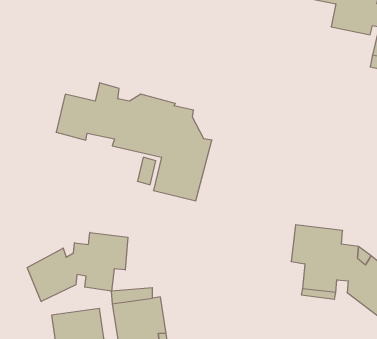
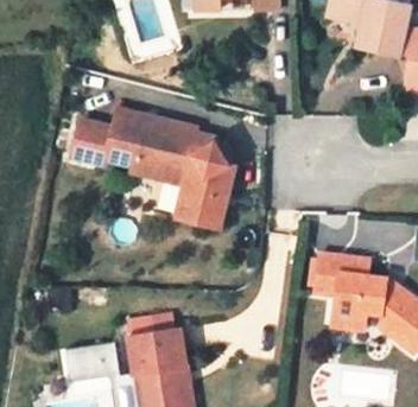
building: [27,232,128,302] -> none

